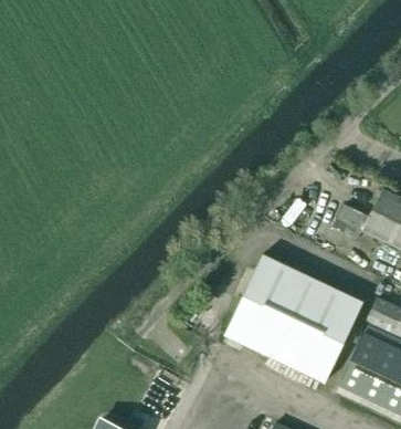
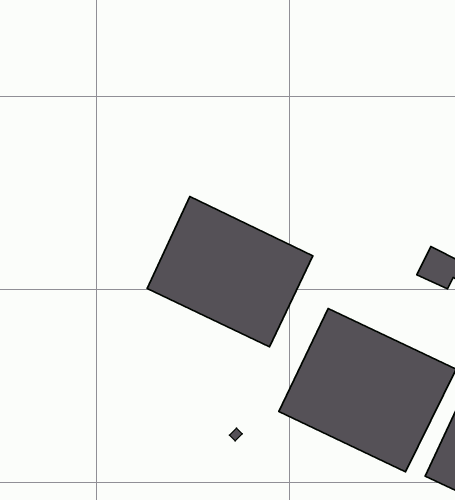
building: none -> [147,196,313,347]

